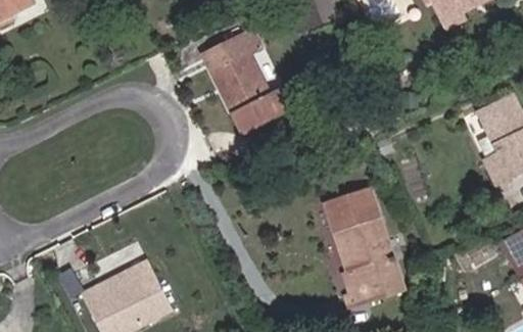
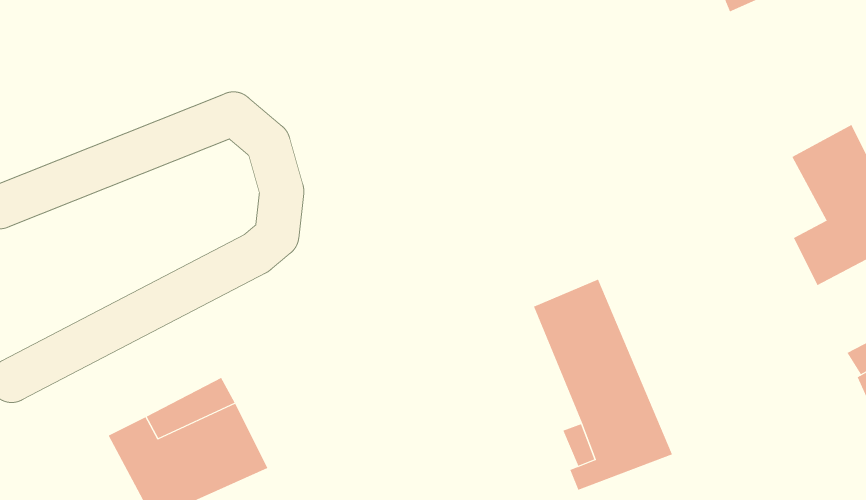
building: [203,29,291,135] -> none

